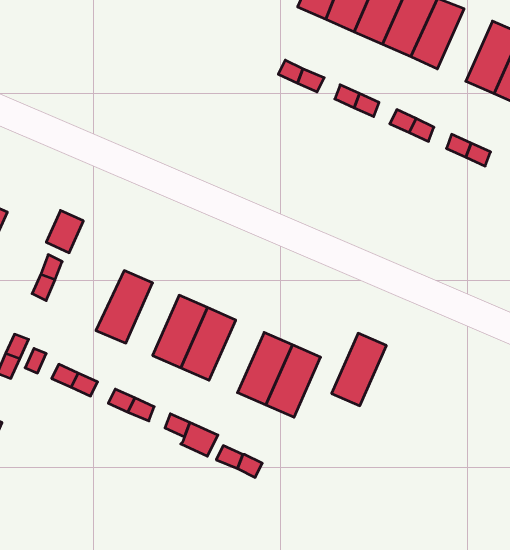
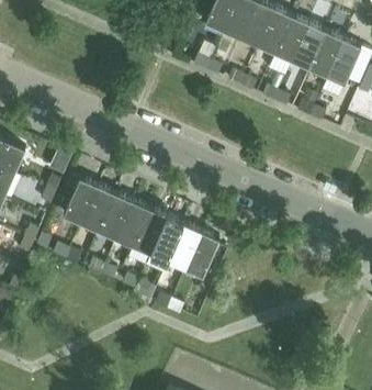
building: none -> [292,23,326,68]
building: none -> [63,178,98,223]
building: none -> [99,193,132,238]
building: [332,333,386,406] -> [150,216,184,261]

